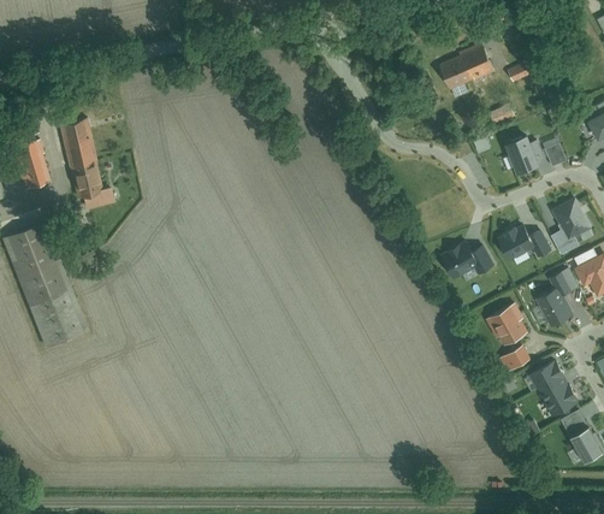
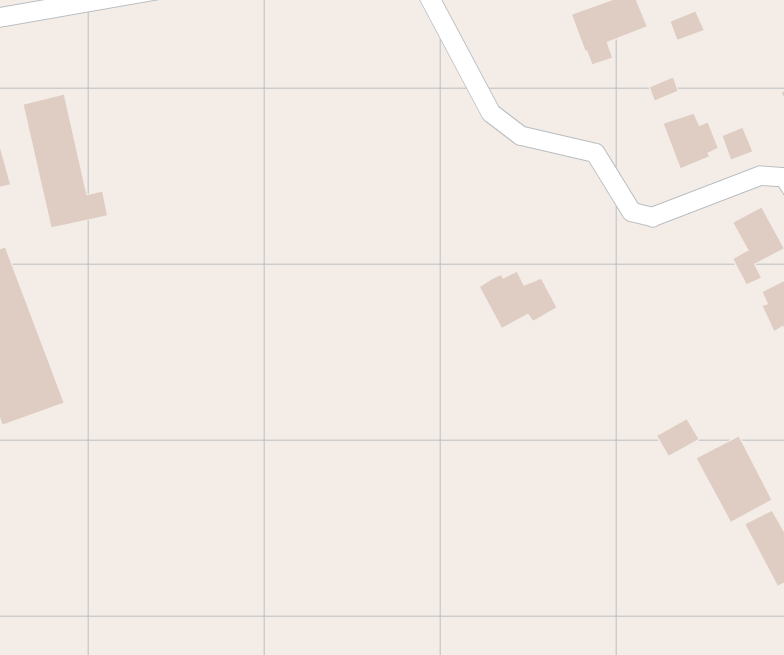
building: [496,224,550,260] -> none
building: [439,240,493,279] -> [479,271,557,328]
building: [534,271,573,326] -> none
building: [481,305,527,348] -> none

